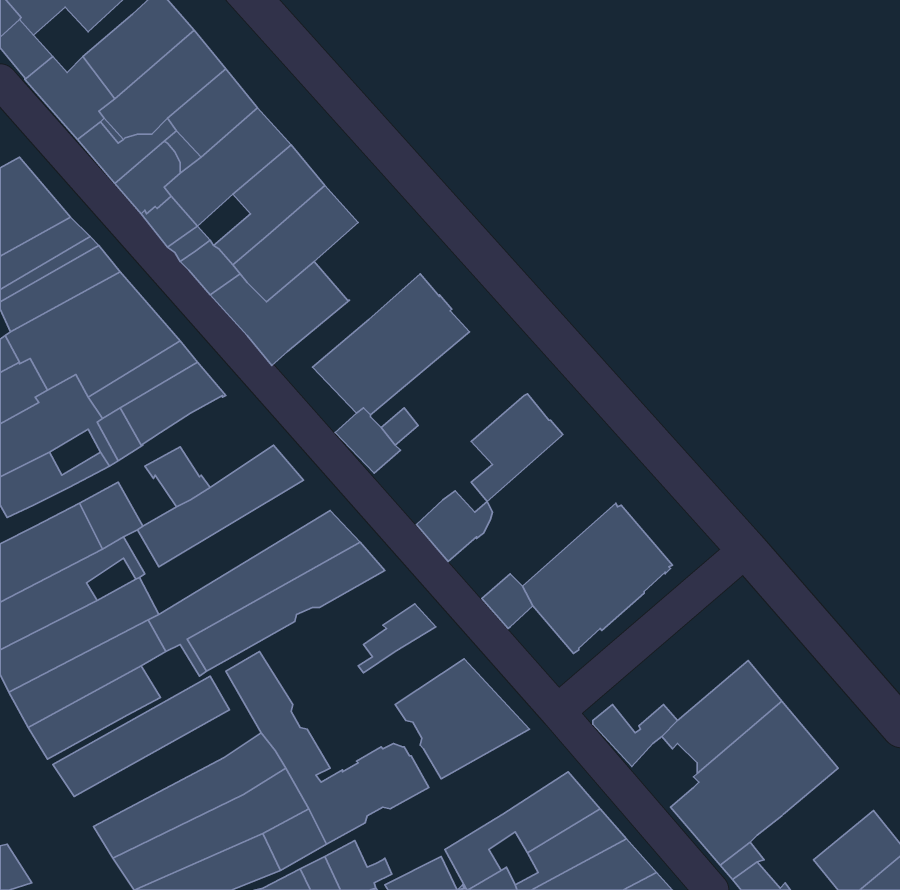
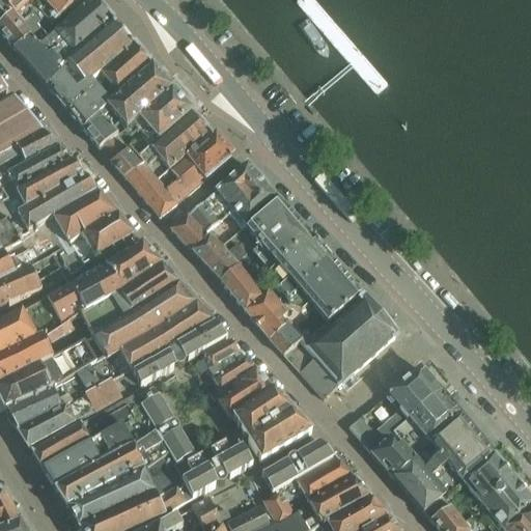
building: none -> [186,131,232,176]
building: none -> [248,197,309,267]
building: none -> [172,216,211,254]
building: none -> [107,241,162,286]
building: none -> [287,256,360,318]
building: none -> [221,264,261,308]
building: none -> [71,274,105,309]
building: none -> [83,282,195,361]
building: none -> [264,315,301,352]
building: none -> [204,338,245,379]
building: none -> [301,356,338,396]
building: none -> [389,365,441,423]
building: none -> [219,368,274,416]
building: none -> [84,379,118,410]
building: none -> [45,392,155,485]
building: none -> [372,432,412,475]
building: none -> [262,438,335,488]
building: none -> [462,451,514,505]

